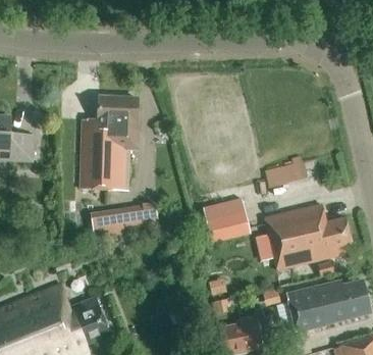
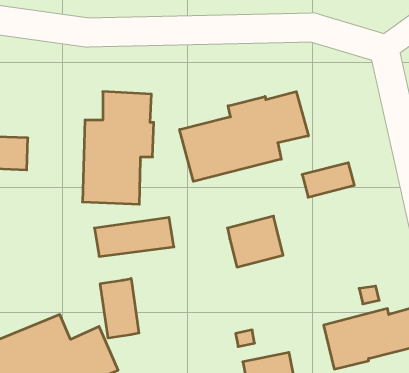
building: none -> [180,92,308,181]
building: [256,204,354,269] -> none
building: none -> [100,278,139,338]

